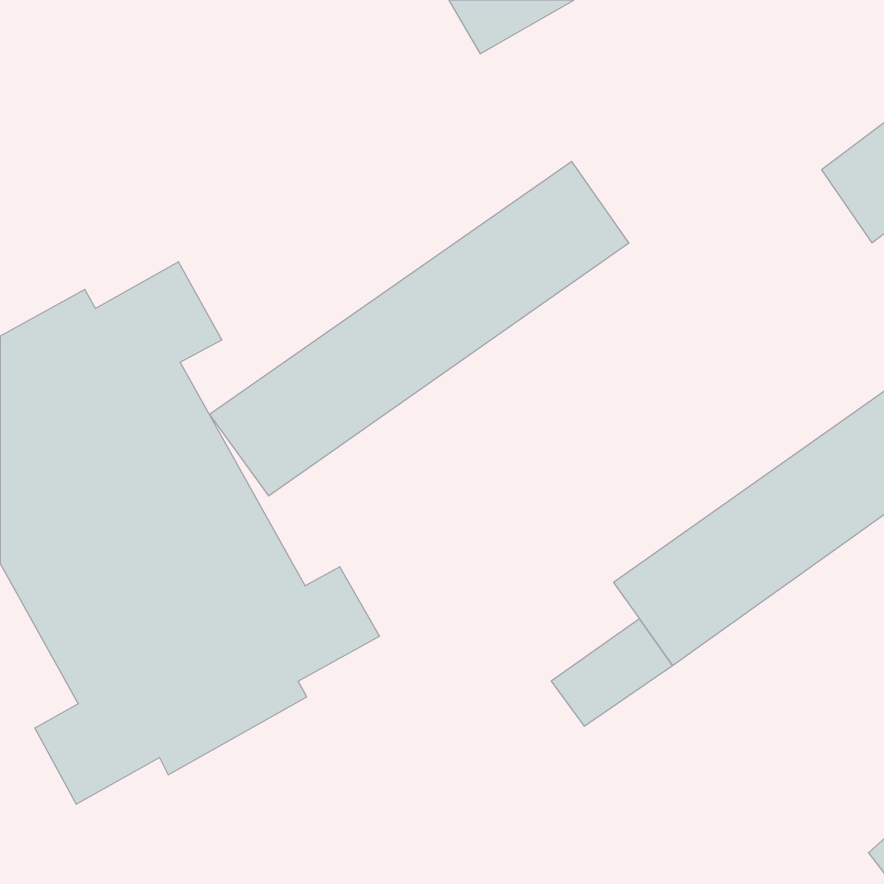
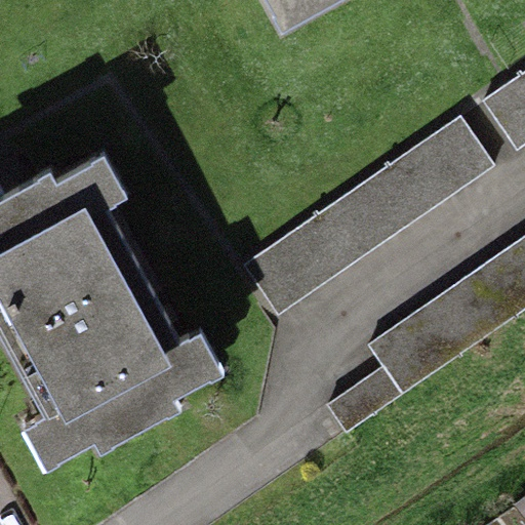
building: [209,161,629,496] -> [240,119,488,317]

